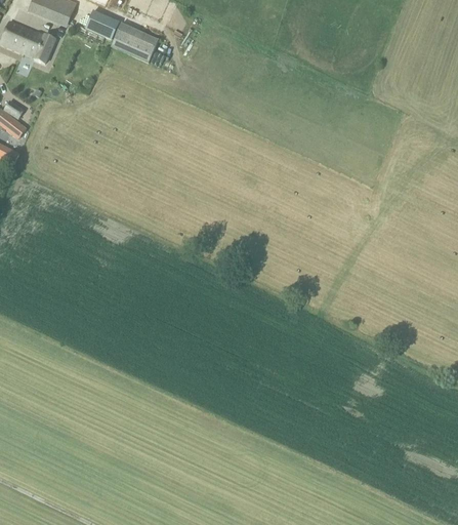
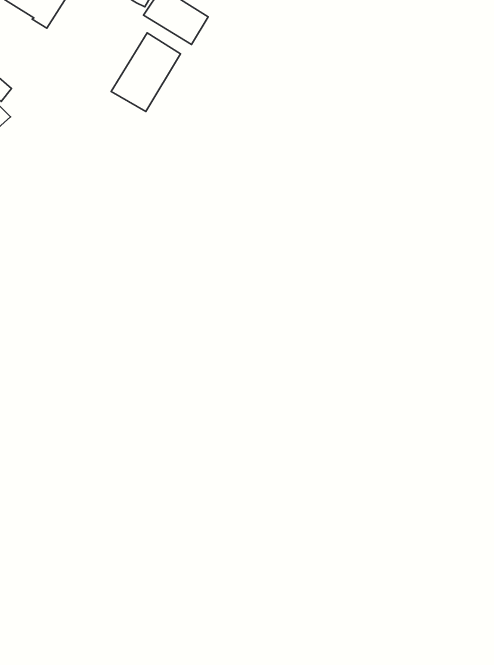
building: none -> [111,33,180,111]

